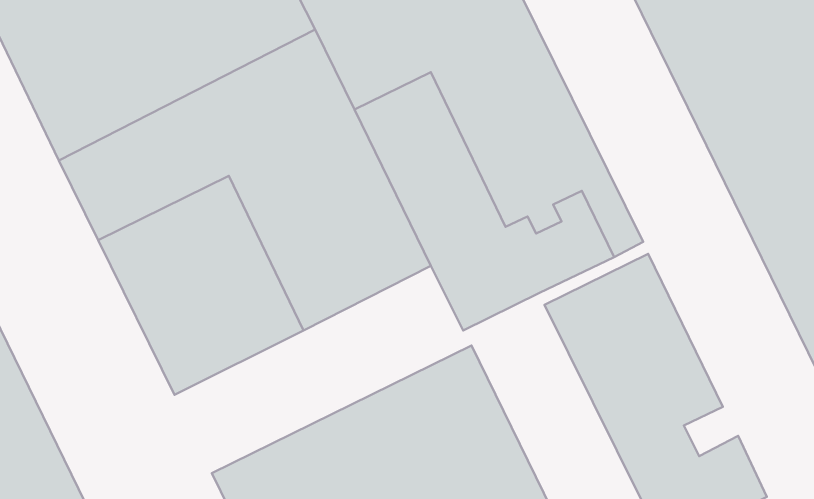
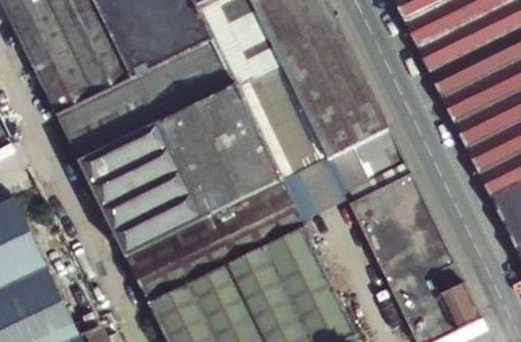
building: none -> [126,178,304,302]

